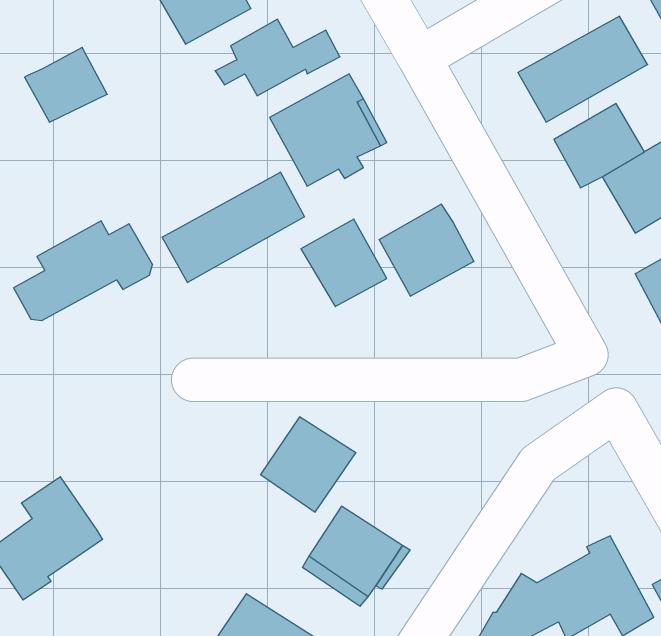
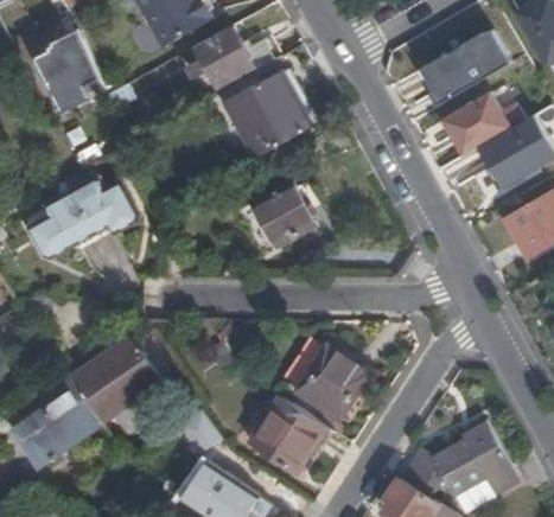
building: [162,172,304,283] -> none
building: [379,204,474,296] -> none
building: [261,417,356,512] -> [298,345,370,417]
building: none -> [65,332,153,416]

